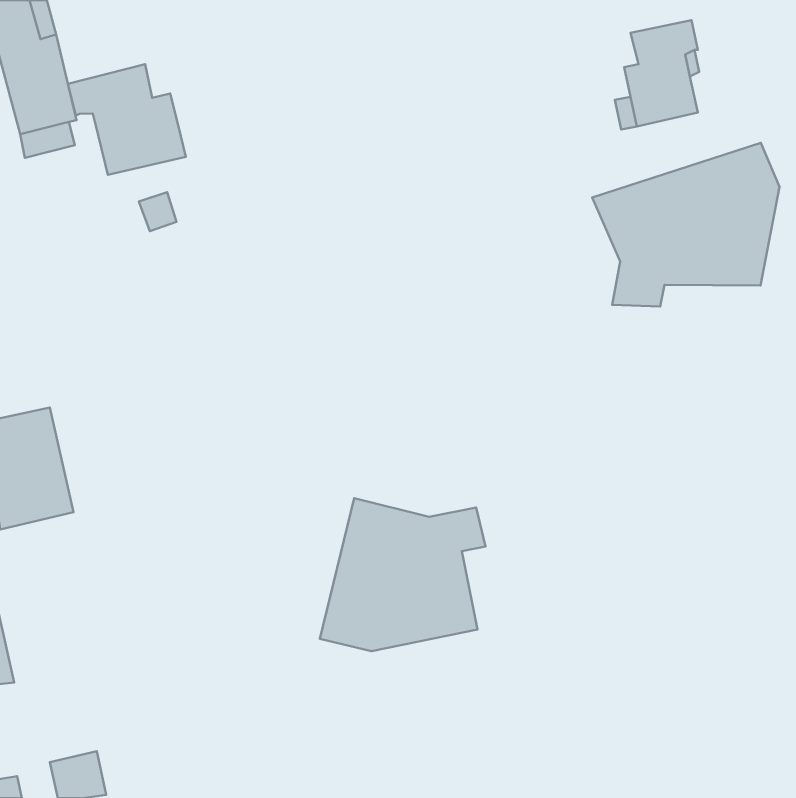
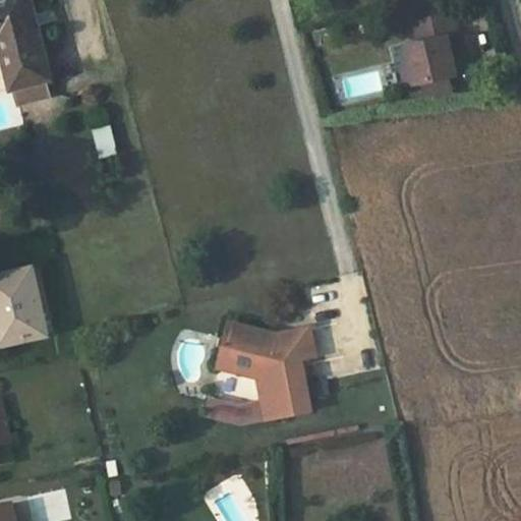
building: [68,64,186,175] -> none
building: [592,143,780,307] -> none

